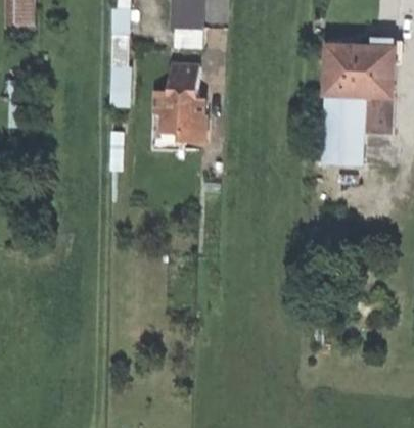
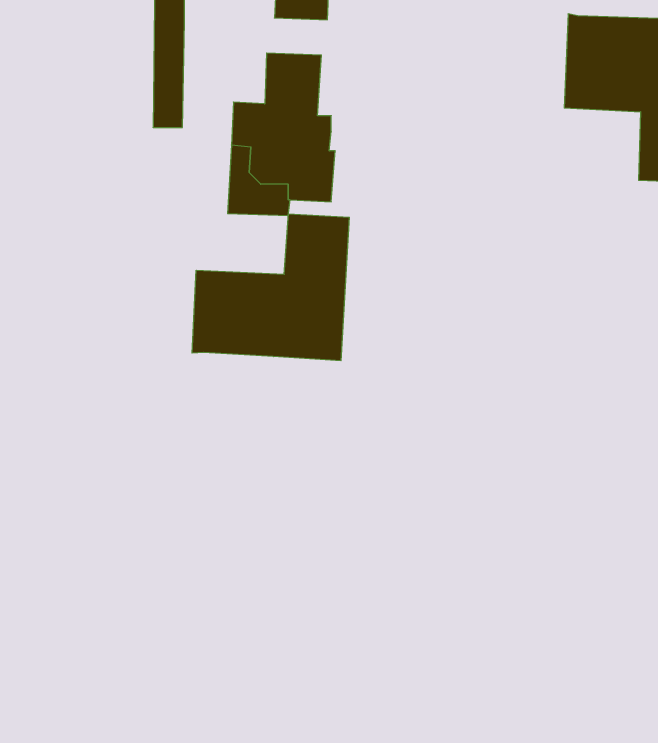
building: [322,92,367,161] -> none
building: none -> [192,214,349,361]

